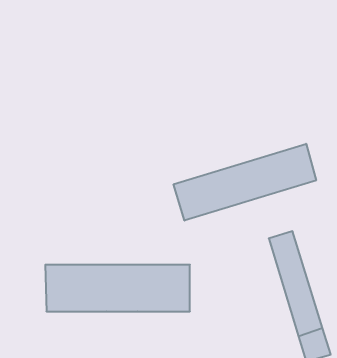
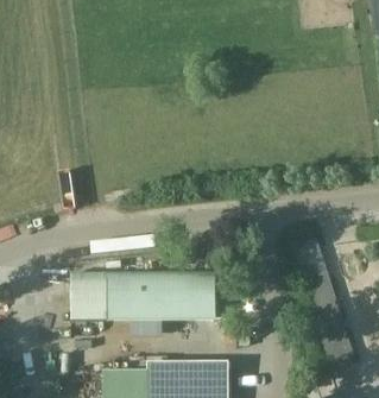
building: [174,144,316,221] -> none

